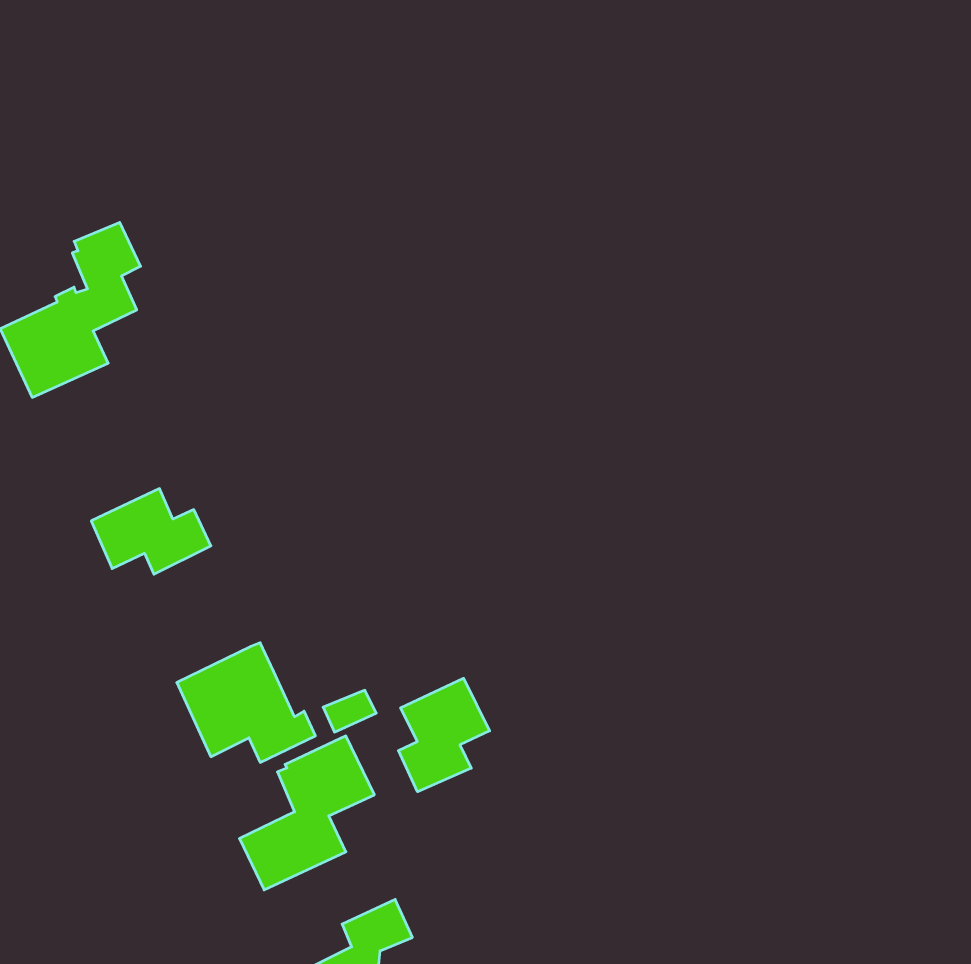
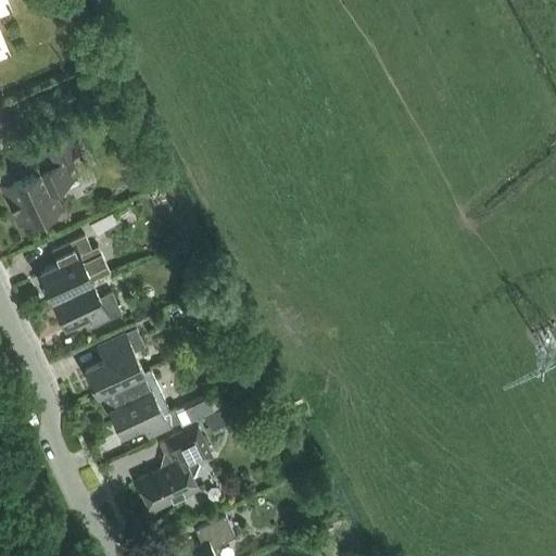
building: none -> [40,238,110,302]
building: none -> [84,330,146,396]
building: [398,678,490,792] -> none

